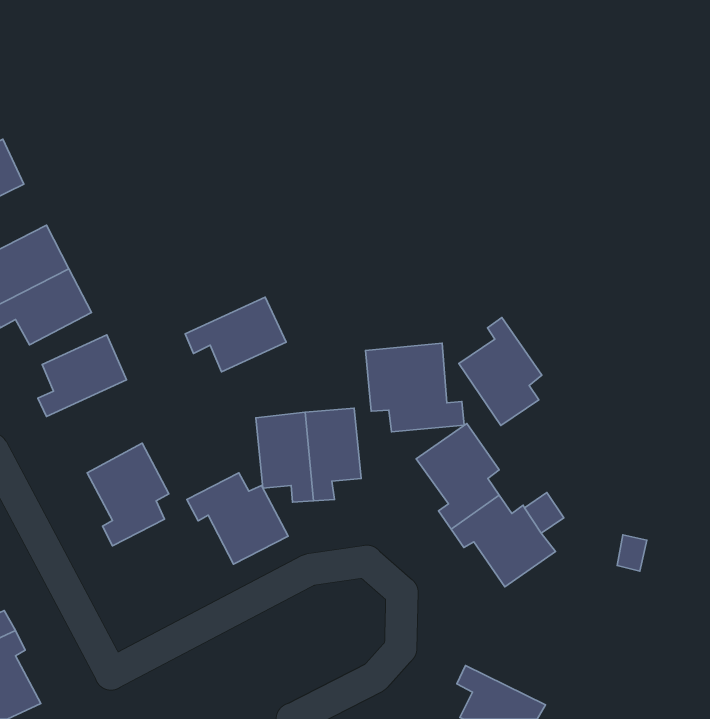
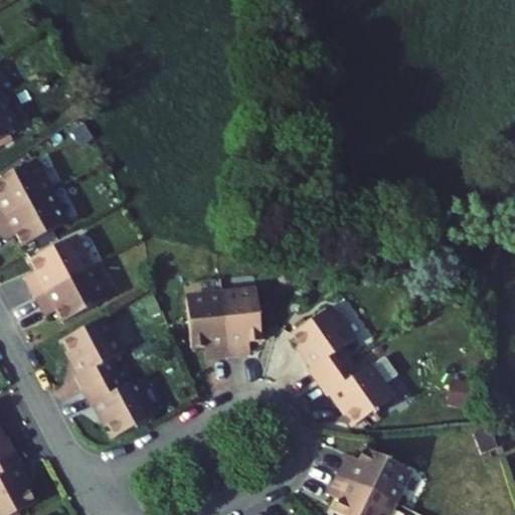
building: [185,297,286,372] -> [33,272,106,325]
building: [459,317,542,426] -> none
building: [366,343,464,432] -> none
building: [187,473,288,564] -> [80,371,153,437]
building: none -> [333,450,405,504]

